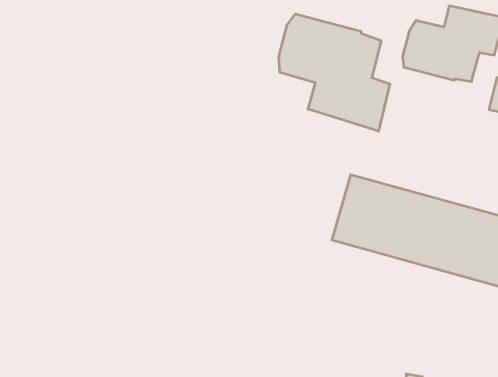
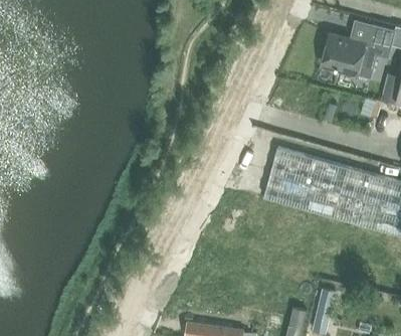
building: [279,14,390,131] -> none

